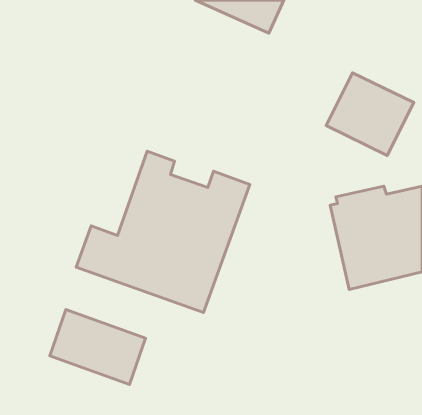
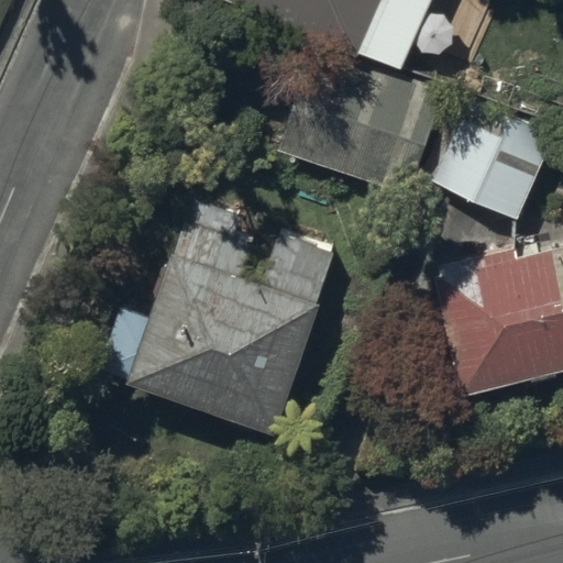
building: none -> [275,53,442,197]
building: [50,309,145,385] -> none

